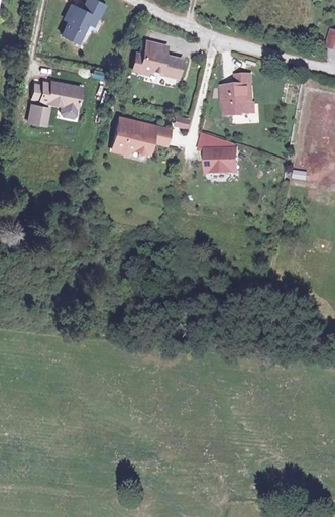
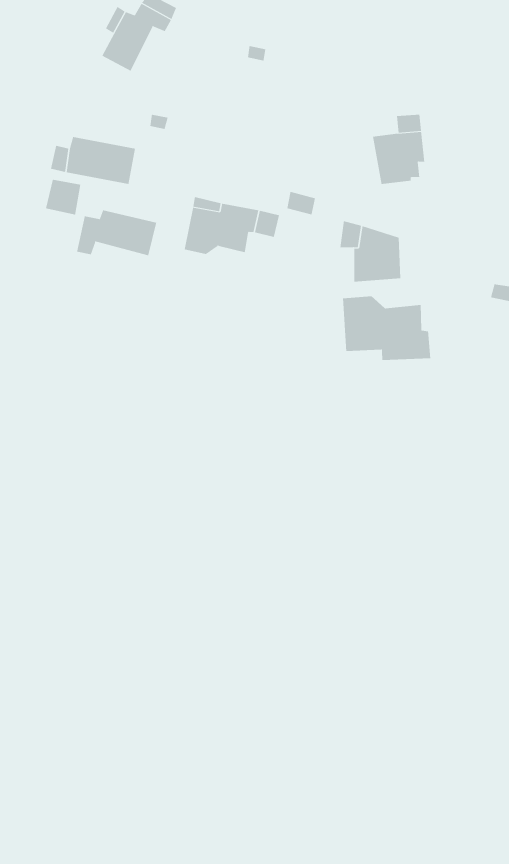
building: [131,38,179,74] -> none
building: none -> [76,209,157,256]
building: none -> [343,295,431,361]

